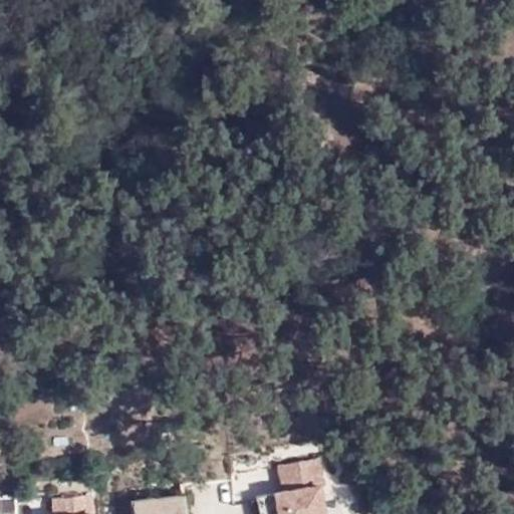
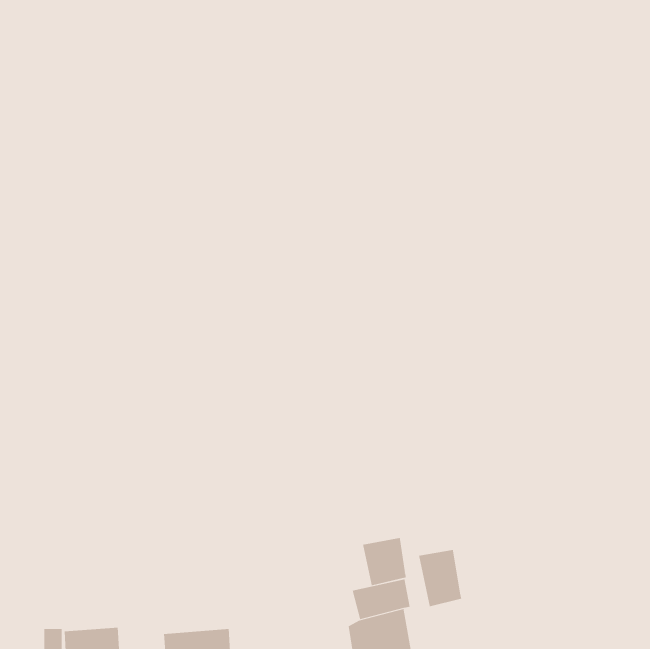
building: none -> [362,537,407,586]
building: none -> [418,549,462,607]

